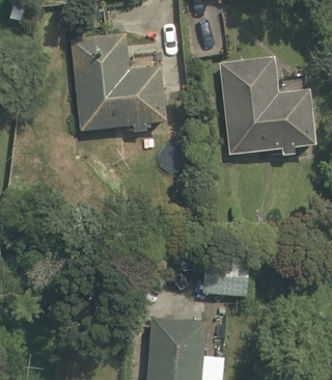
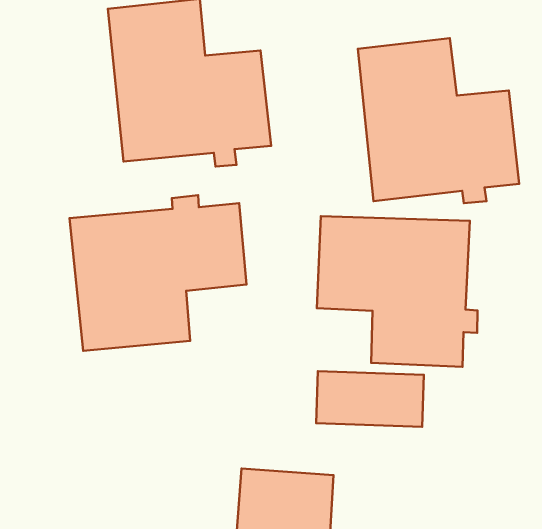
building: none -> [70,195,247,351]
building: none -> [317,216,477,367]

